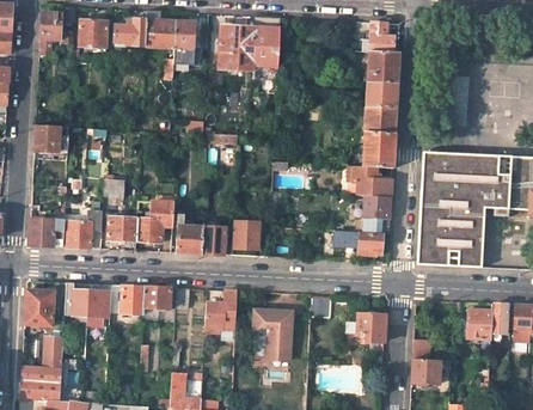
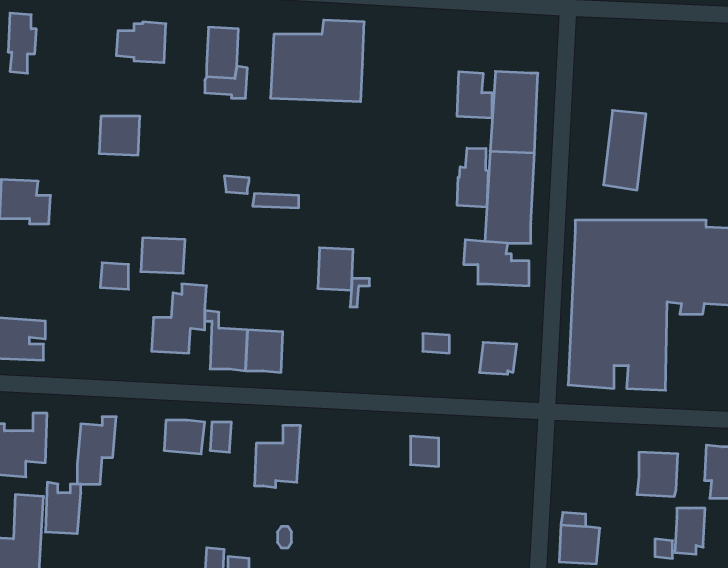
building: [145,11,174,48] -> none
building: [79,19,106,45] -> [99,116,140,155]
building: [368,22,392,53] -> [457,72,492,118]
building: none -> [457,148,488,207]
building: [361,195,391,220] -> none
building: [67,209,102,247] -> none
building: [108,216,137,240] -> [141,238,185,273]
building: [234,220,258,249] -> [318,248,353,290]
building: [65,282,88,317] -> [45,482,81,534]
building: [121,286,146,314] -> none
building: [490,304,510,335] -> [675,508,705,554]
building: [252,310,289,360] -> none
building: [345,312,385,341] -> none

